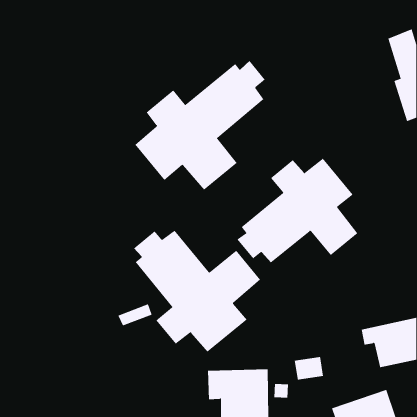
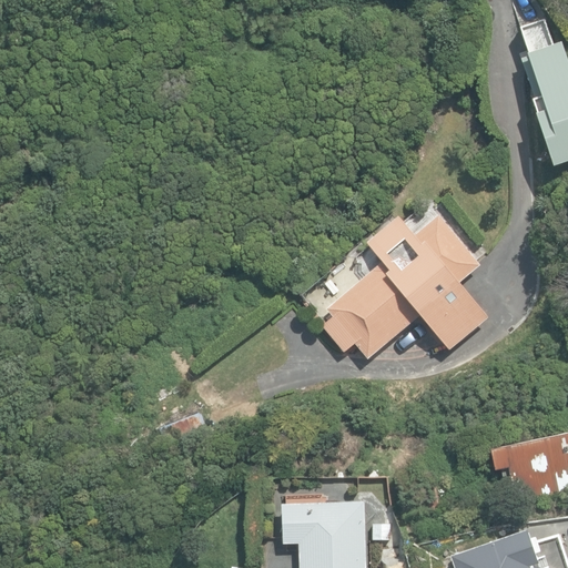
building: [135,60,266,190] -> none
building: [133,230,261,353] -> none

